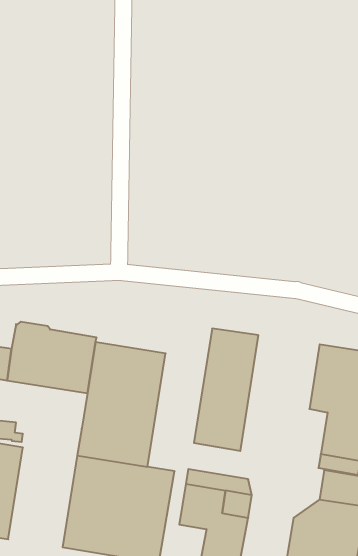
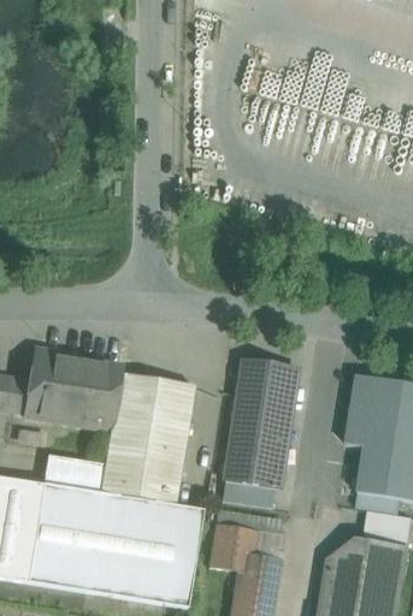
building: none -> [26,454,105,590]
building: none -> [222,479,273,507]

